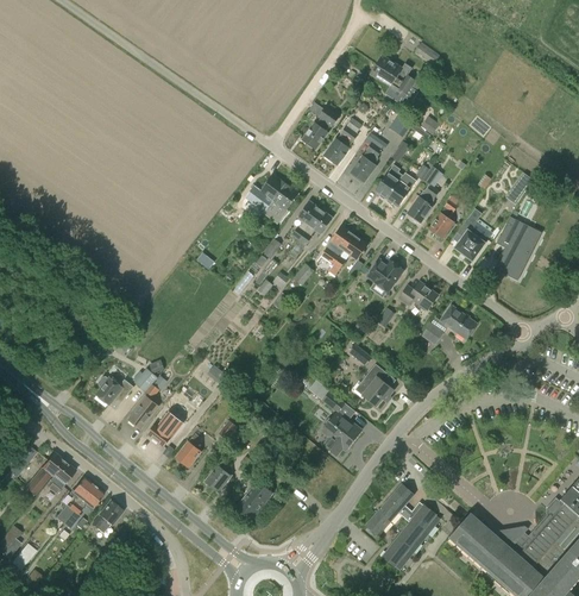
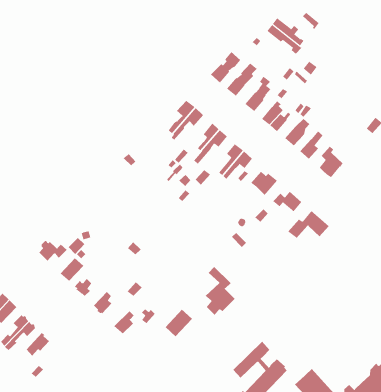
building: [495,217,533,280] -> none
building: [352,364,396,407] -> none
building: [237,481,272,519] -> [165,309,193,337]

